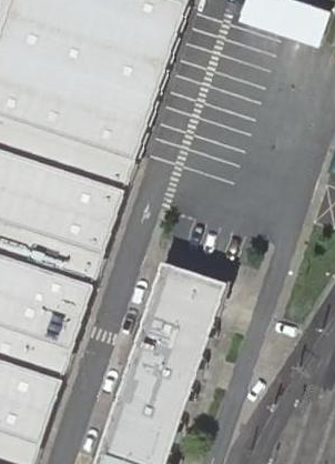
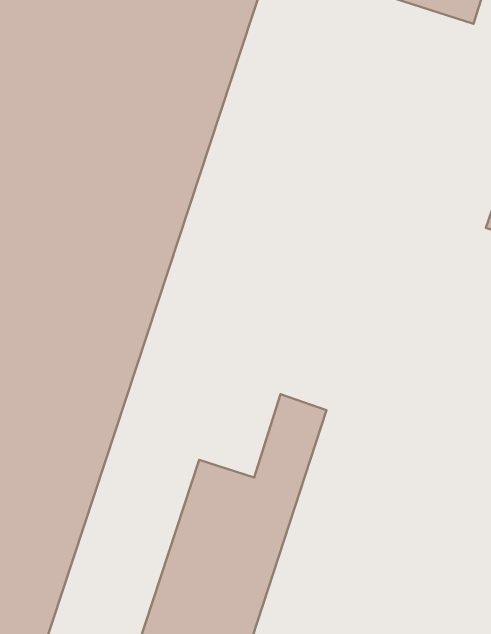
building: [141,258,224,331] -> none

